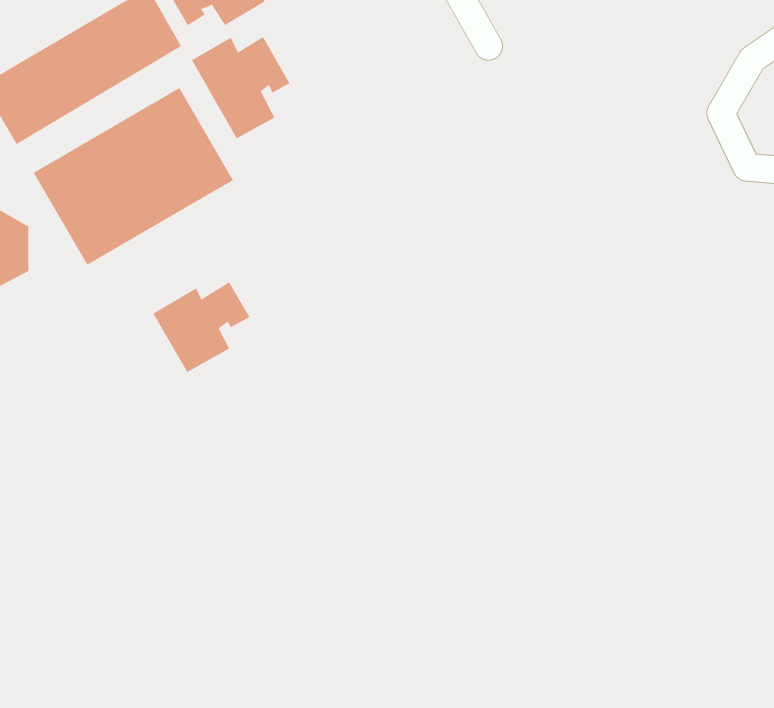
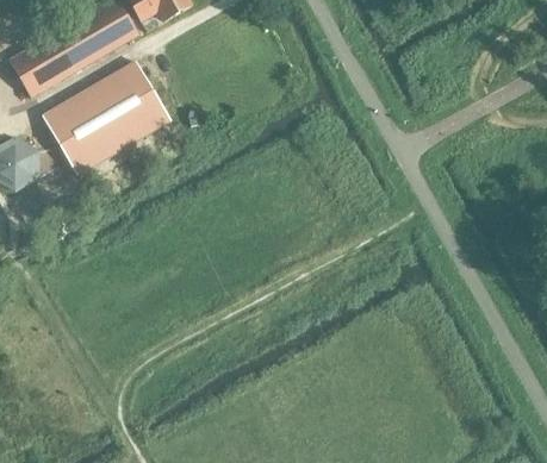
building: [191,36,290,139] -> none
building: [152,281,250,373] -> none

